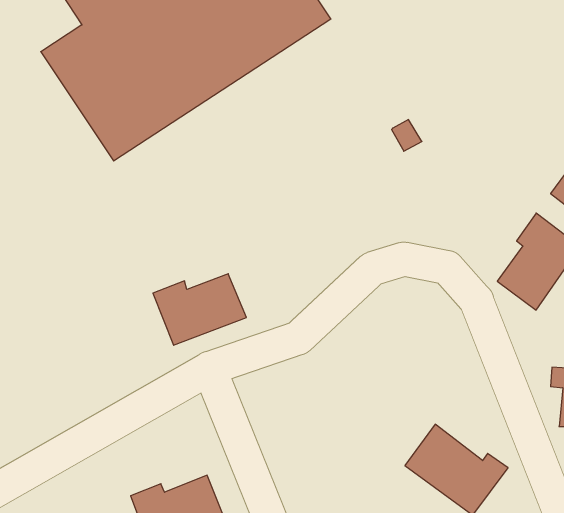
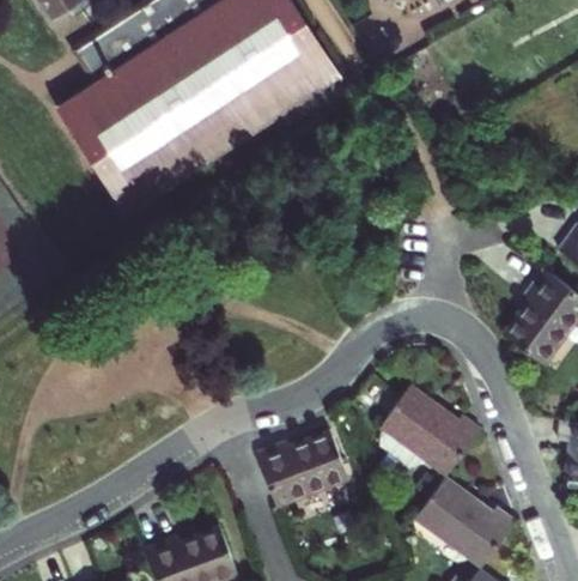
building: [153,274,246,345] -> [256,432,348,503]
building: none -> [381,387,482,474]

